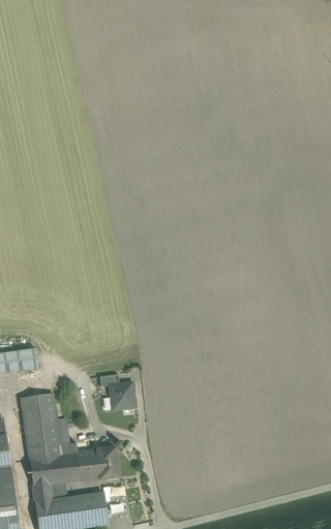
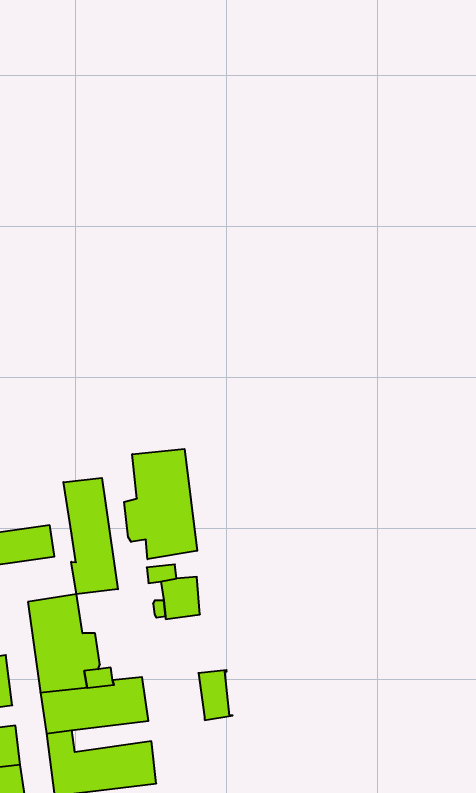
building: none -> [124,449,197,559]
building: none -> [63,478,118,594]
building: [96,446,119,479] -> [198,670,233,720]

